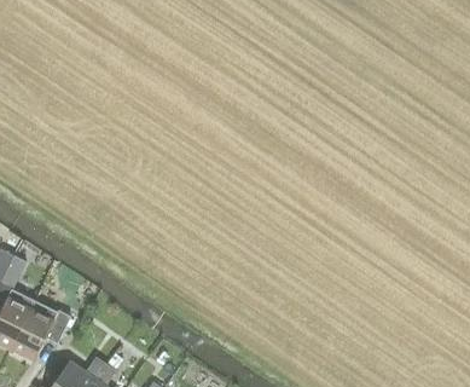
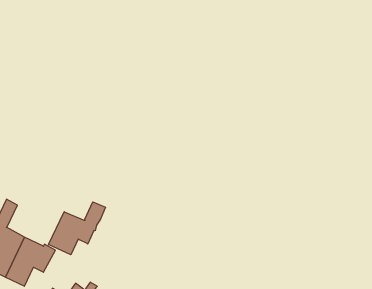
building: none -> [49,202,106,255]

